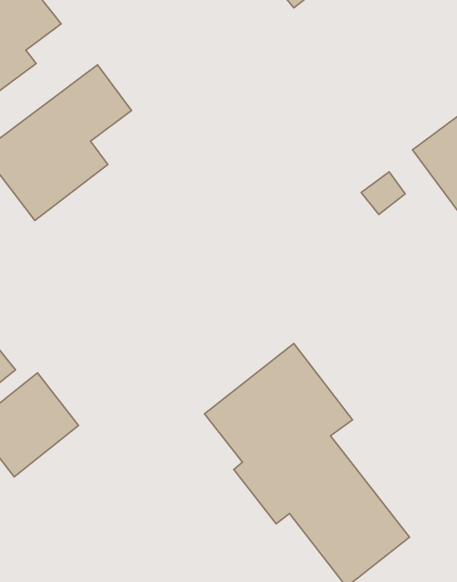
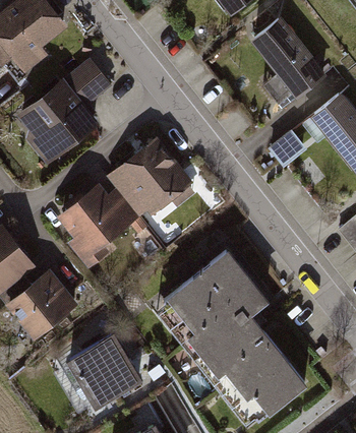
building: none -> [252,18,327,99]
building: none -> [53,138,196,268]
building: none -> [66,333,142,410]

